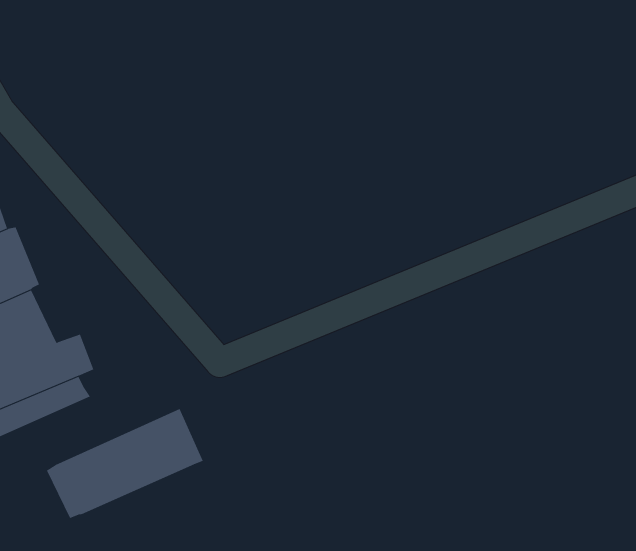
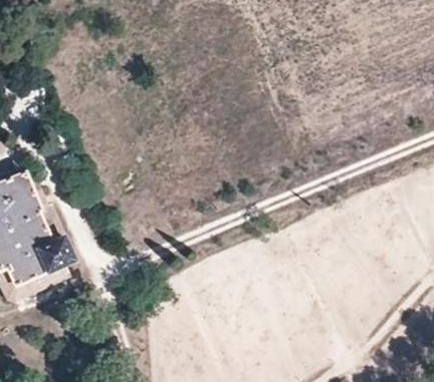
building: [46,408,203,519] -> none

